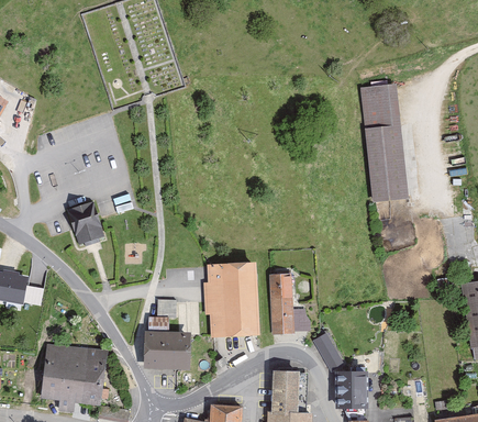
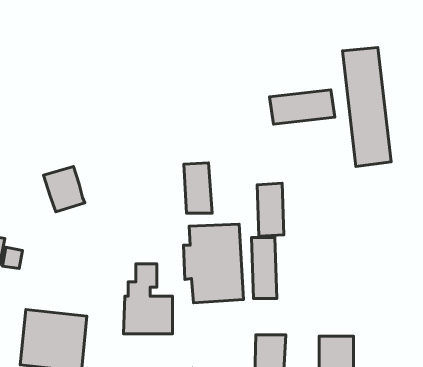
building: none -> [270,90,335,124]
building: none -> [184,163,212,213]
building: none -> [257,183,284,236]
building: [312,332,345,373] -> none

